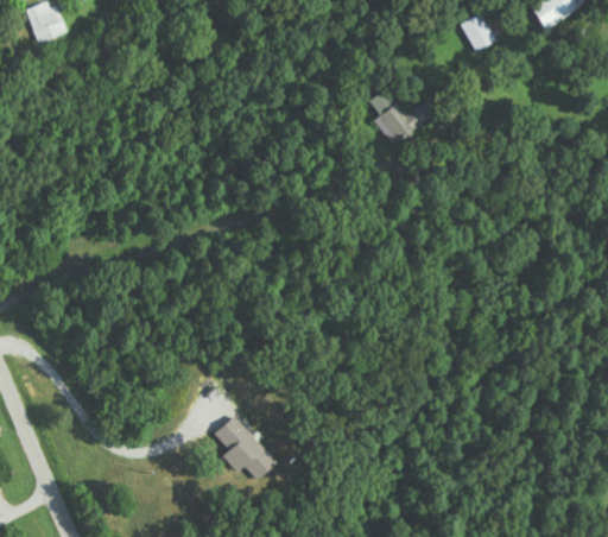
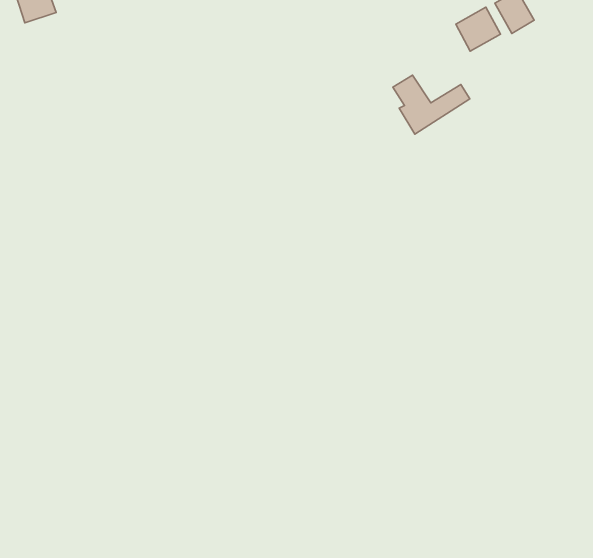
building: none -> [456,7,500,51]
building: [214,416,273,479] -> none

